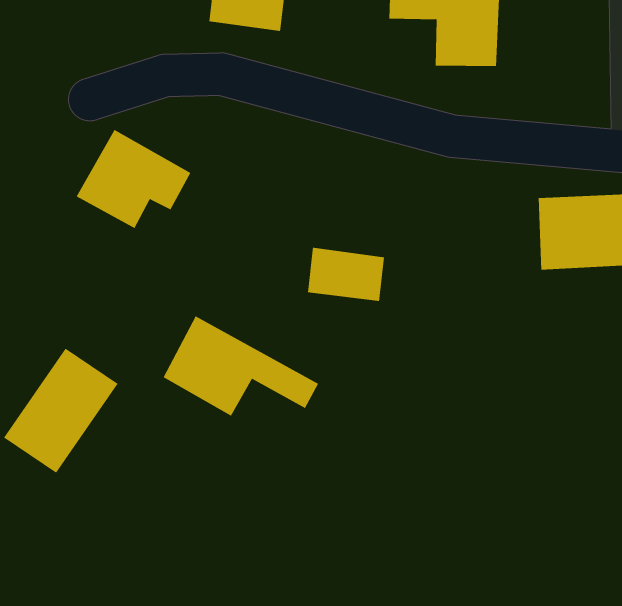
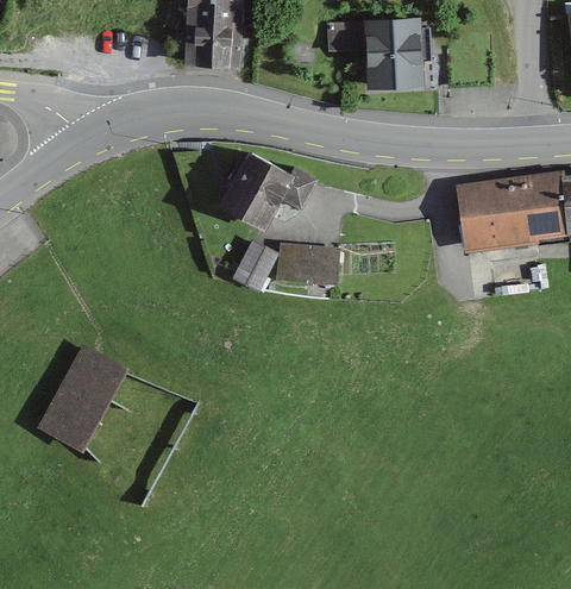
building: [76,129,191,229] -> [222,150,316,231]
building: none -> [236,242,280,288]
building: [163,315,319,416] -> none

